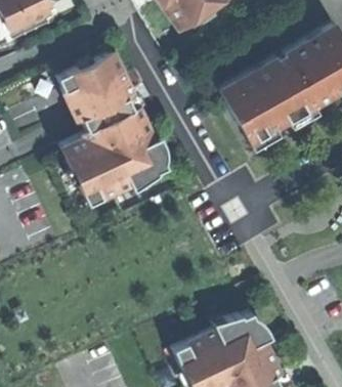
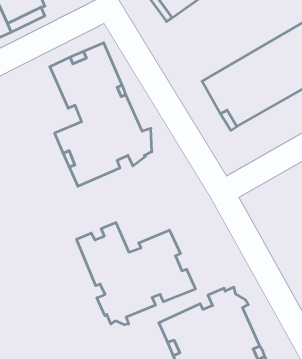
building: none -> [77,223,195,325]

